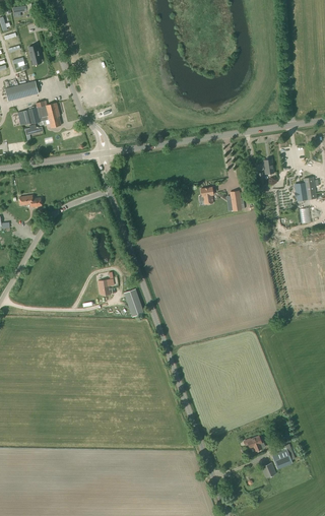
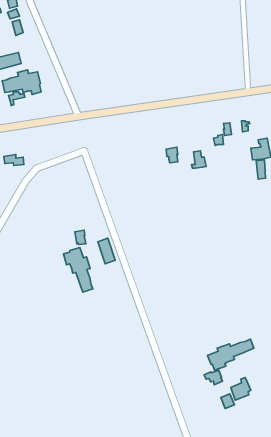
building: none -> [63,247,93,292]
building: none -> [208,339,254,370]

